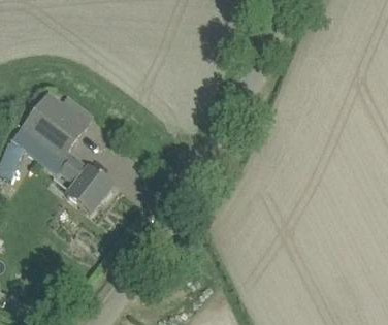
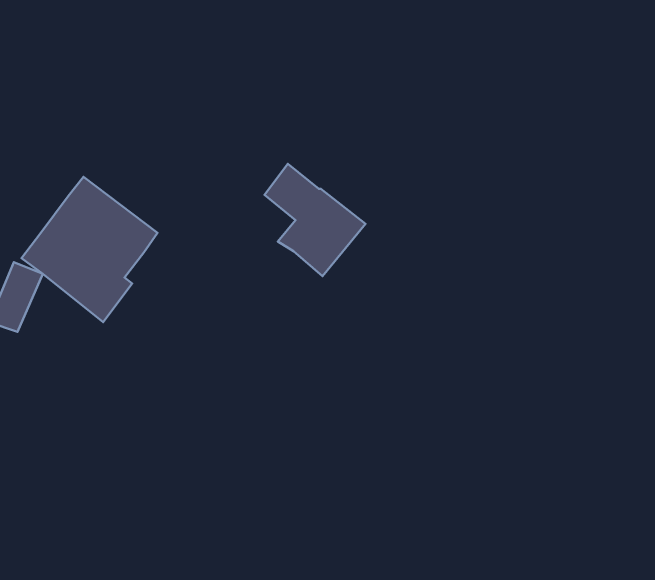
building: [59,153,112,213] -> [264,164,365,276]

